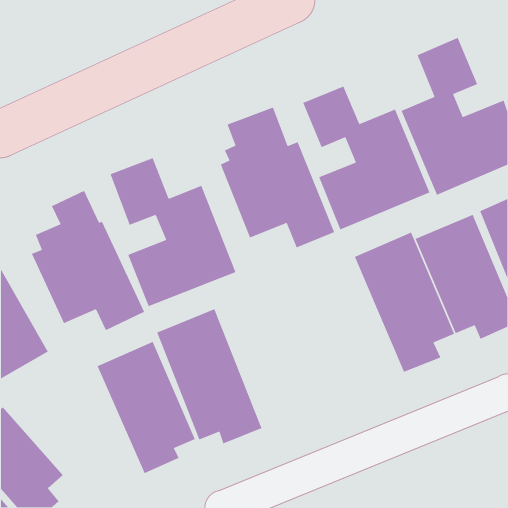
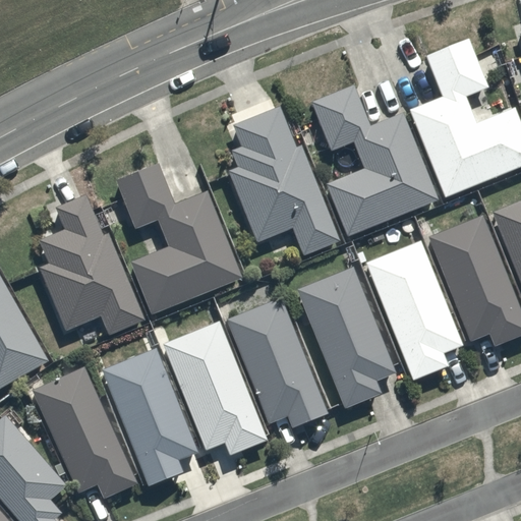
building: none -> [294,265,394,408]
building: none -> [226,294,328,426]
building: none -> [30,368,139,499]

